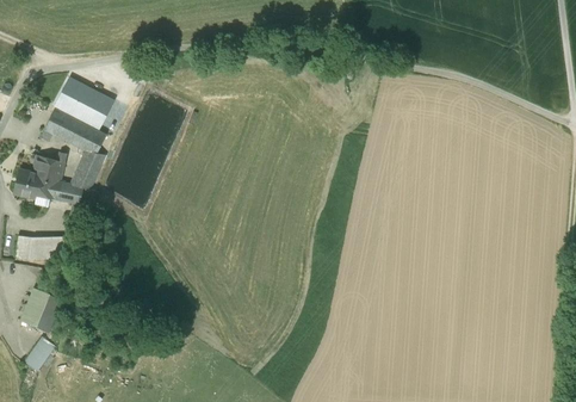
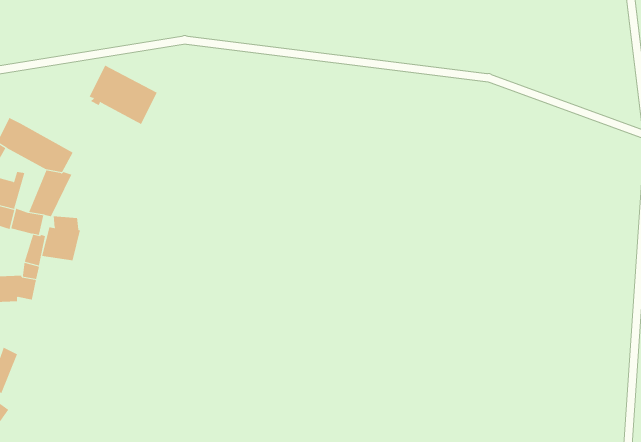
building: [55,79,111,128] -> [89,65,157,125]
building: none -> [42,216,81,261]

